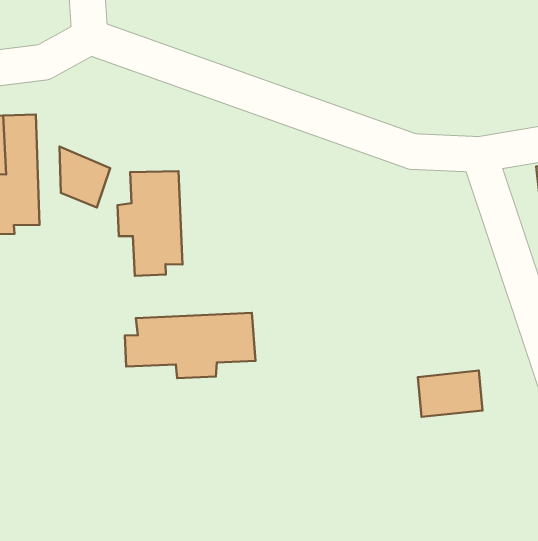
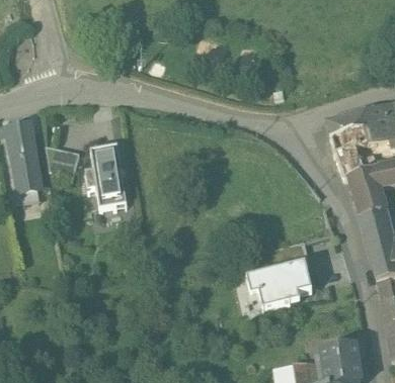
building: [125,313,255,378] -> none
building: none -> [256,266,322,310]

